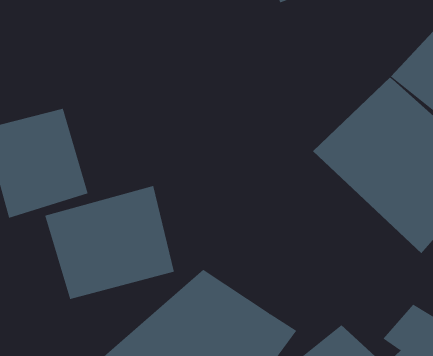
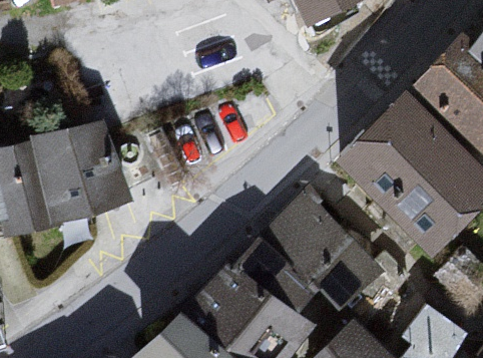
building: [44,185,174,300] -> none
building: none -> [233,198,390,313]

